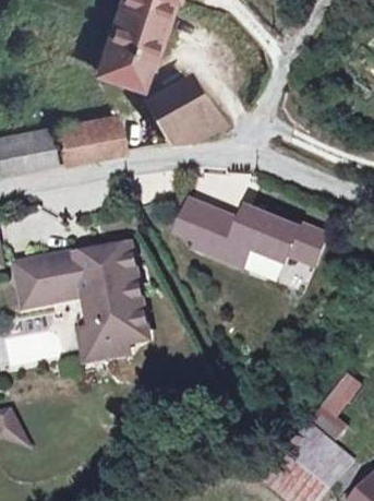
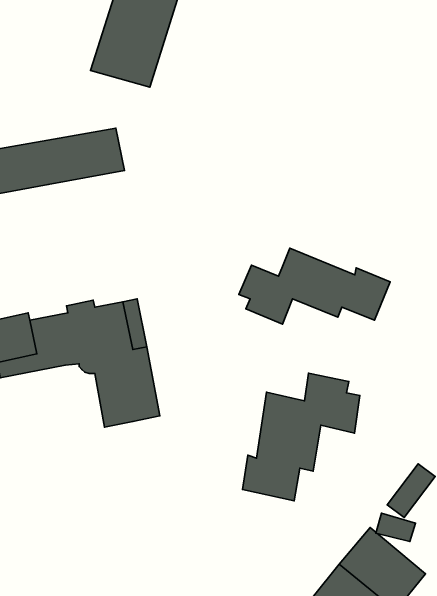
building: [152,76,221,142] -> none
building: [181,202,245,246] -> none
building: [77,299,132,366] -> none
building: none -> [243,373,360,501]

